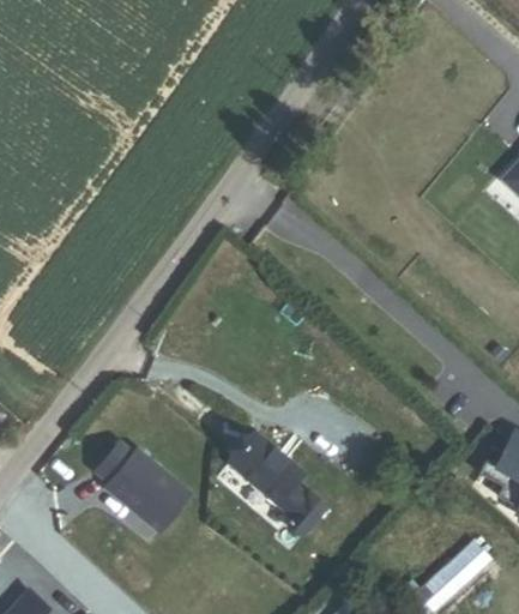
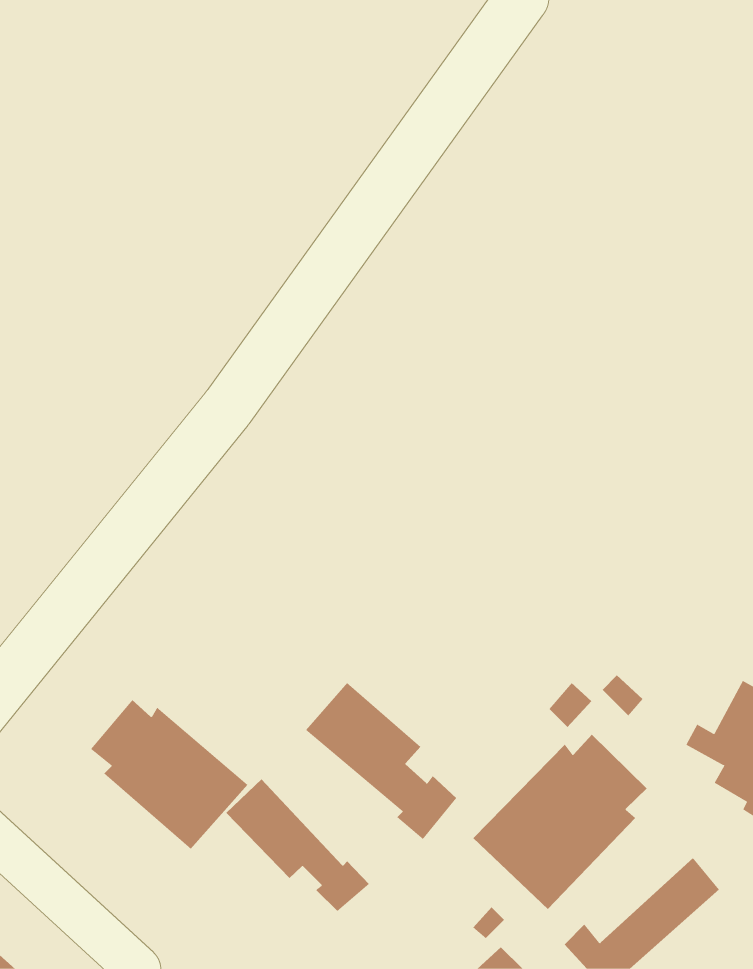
building: none -> [472,734,648,910]
building: none -> [226,779,370,912]

